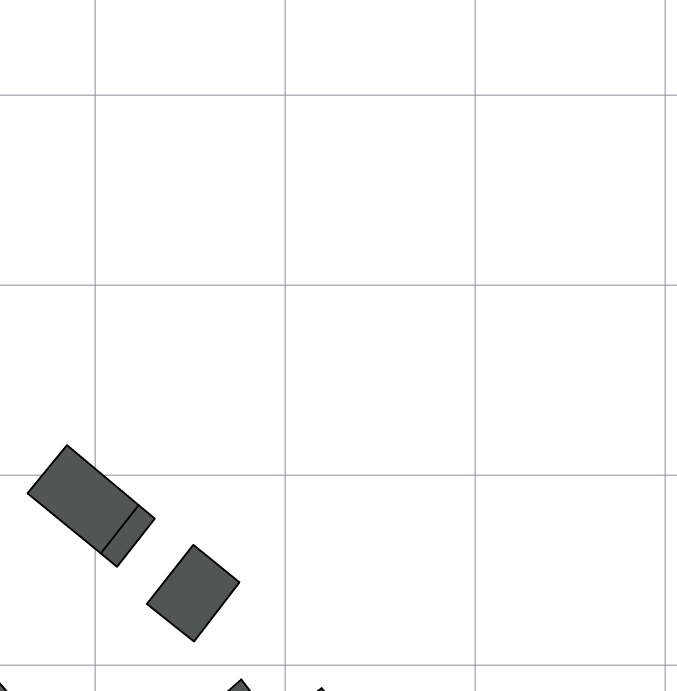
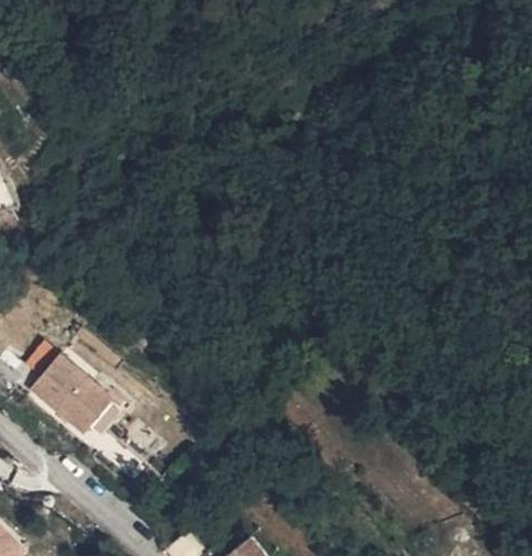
building: [147,545,239,641] -> none

